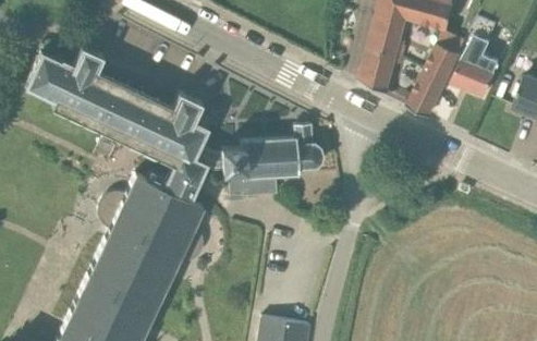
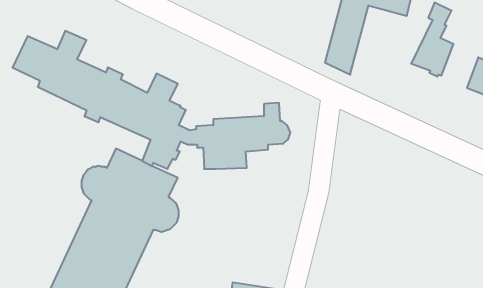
building: [408,32,465,117] -> none

